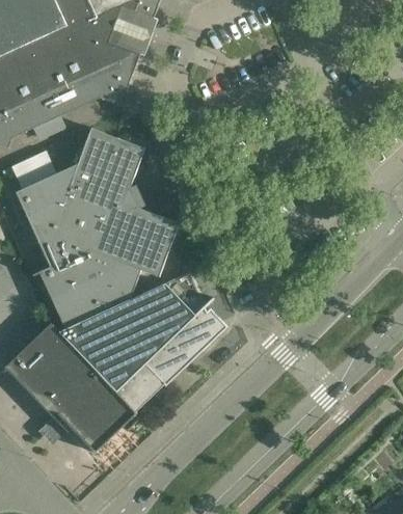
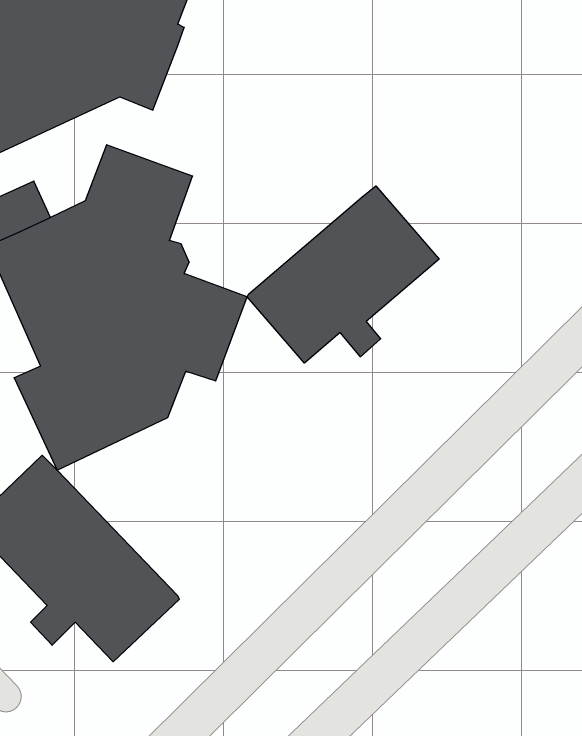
building: none -> [247,186,439,363]
building: [59,271,227,411] -> none

